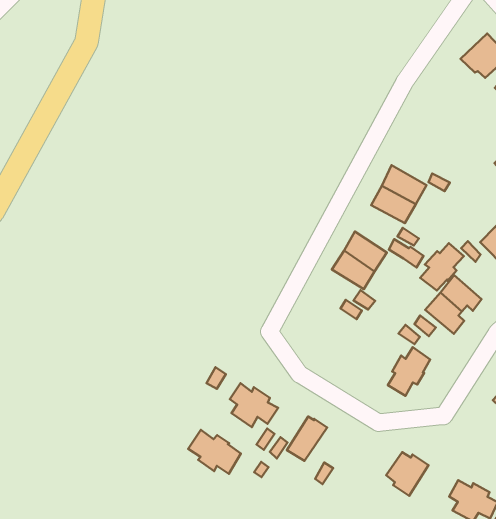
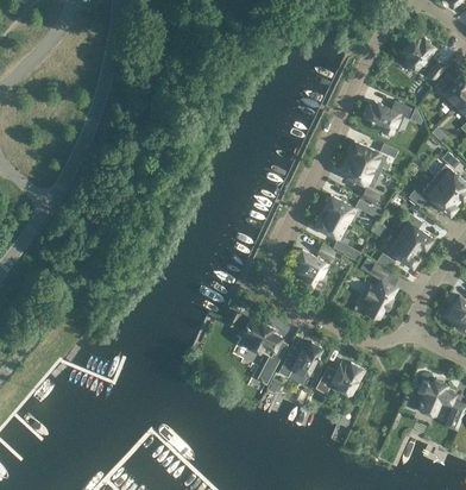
building: none -> [363,101,398,128]
building: [420,243,464,290] -> none
building: none -> [290,247,326,282]
building: [188,430,241,474] -> none
building: [386,452,429,496] -> [327,360,359,394]

